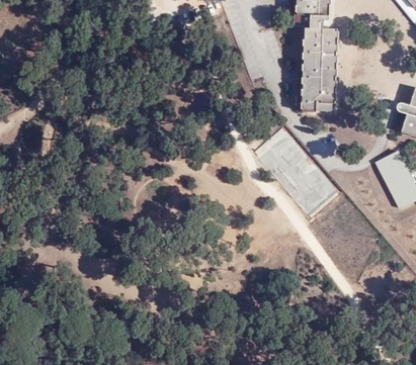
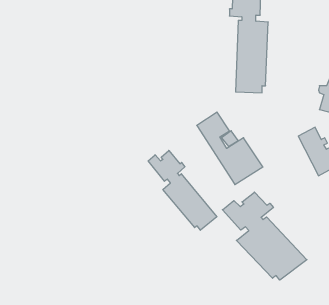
building: none -> [148,150,217,230]
building: none -> [222,192,307,280]

